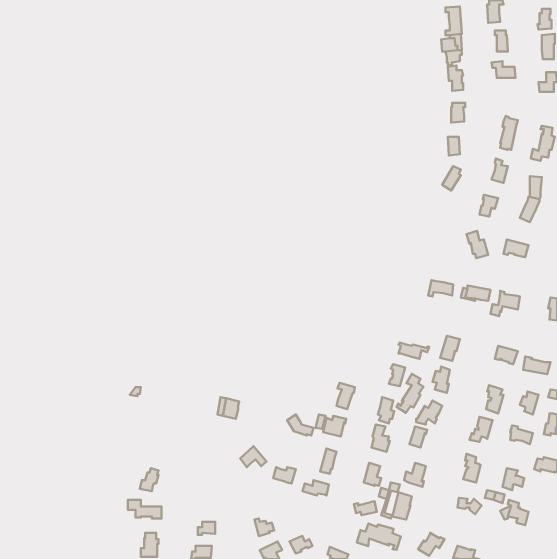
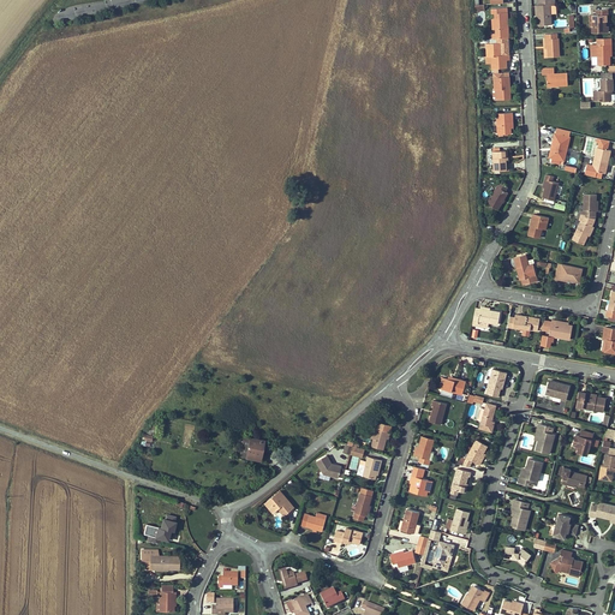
building: [397,374,424,413] -> none
building: [357,524,401,550] -> none

